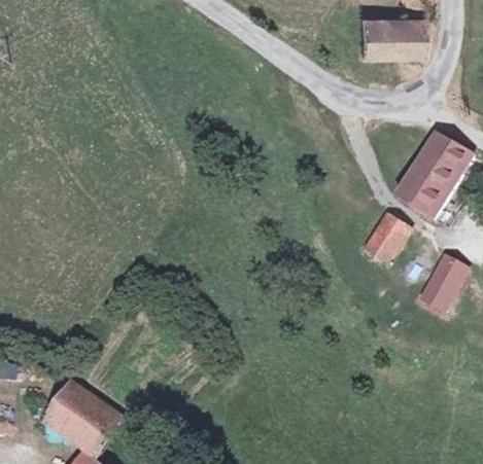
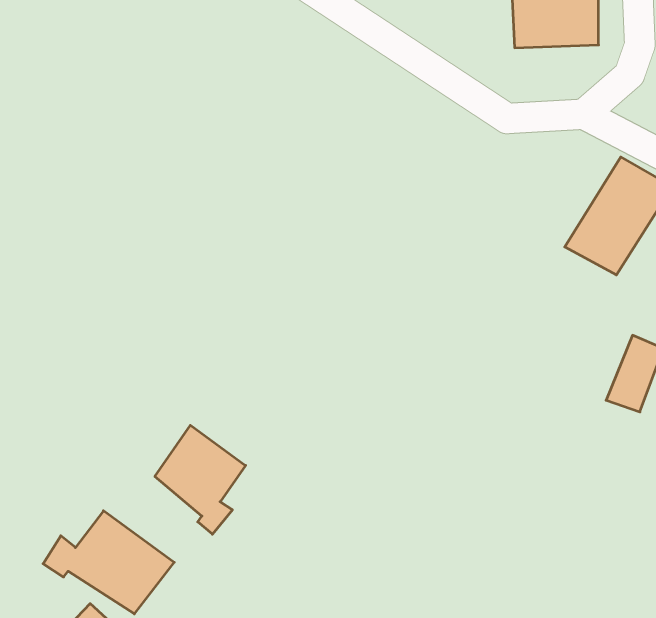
building: [365,217,411,267] -> none
building: none -> [155,425,246,534]

